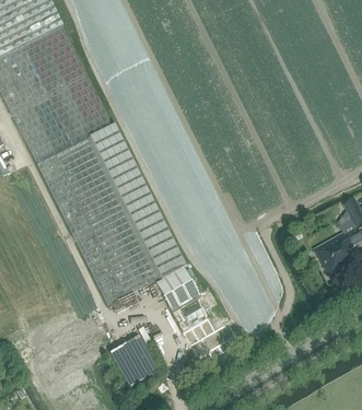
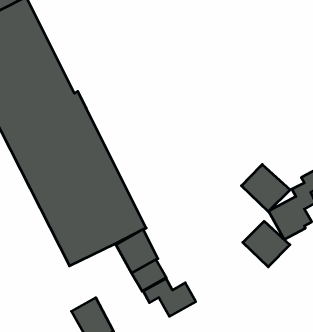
building: none -> [241,164,290,212]
building: none -> [243,221,290,267]

